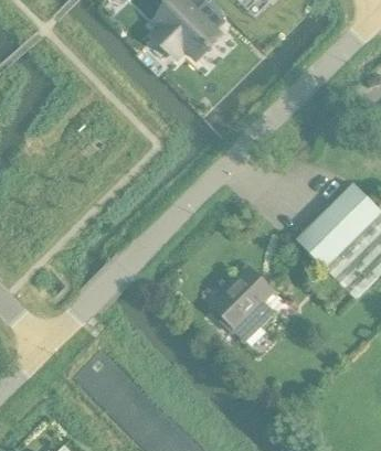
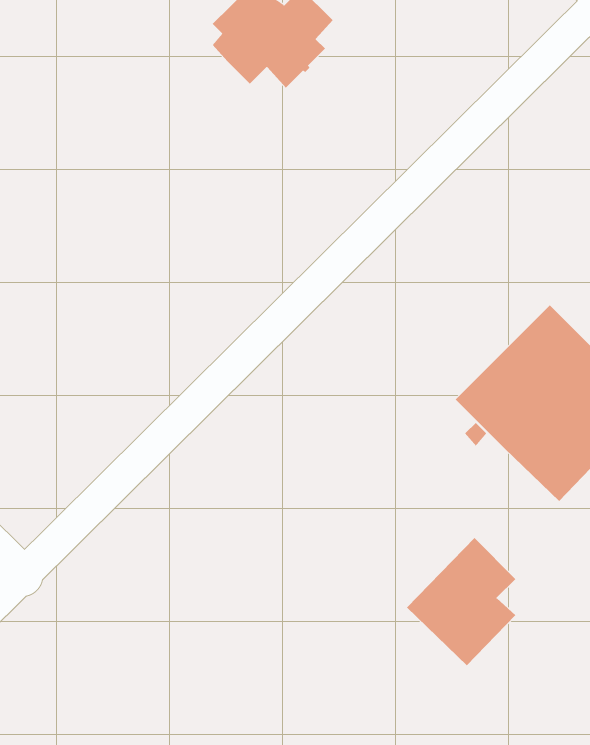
building: [210,266,274,341] -> [406,537,516,666]

